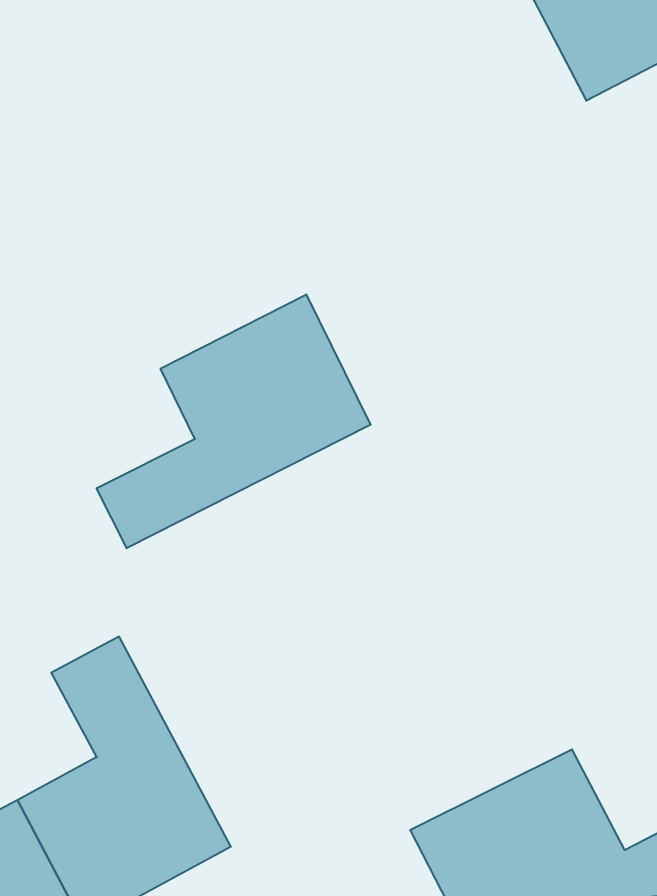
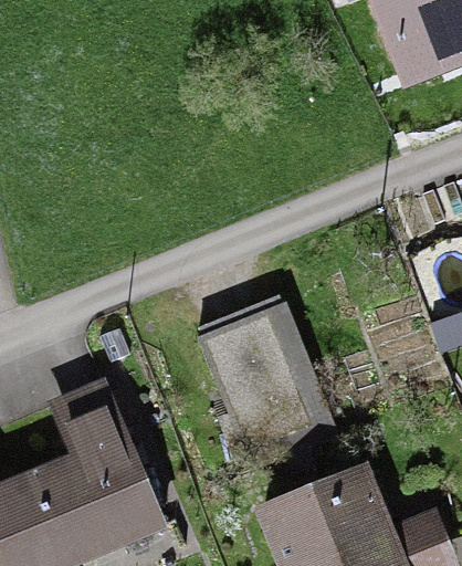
building: [97,294,371,548] -> none
building: none -> [198,300,339,469]

